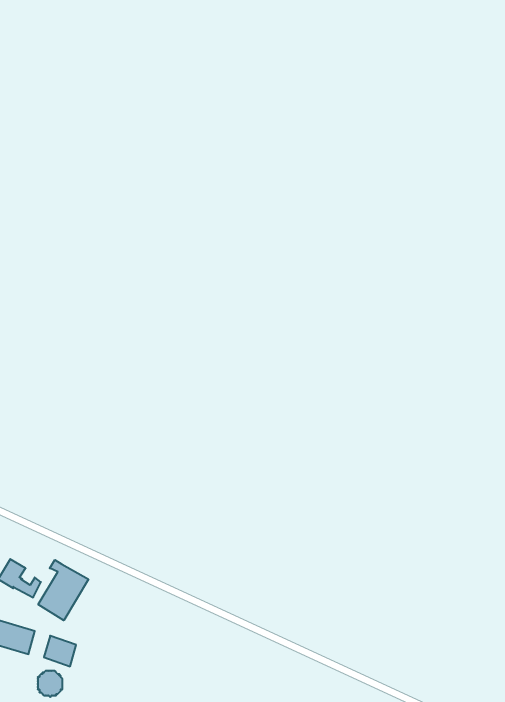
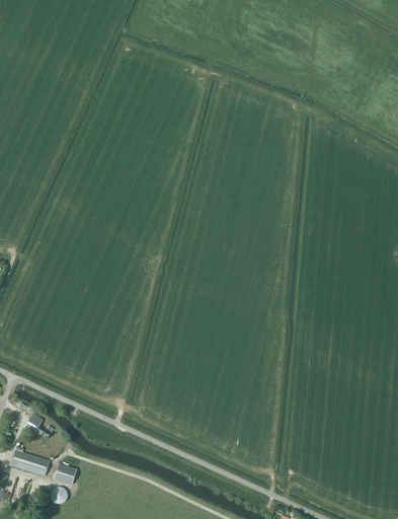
building: [38,560,88,620] -> none

